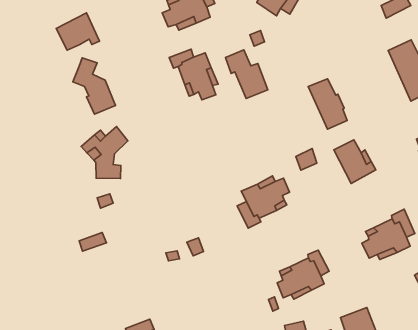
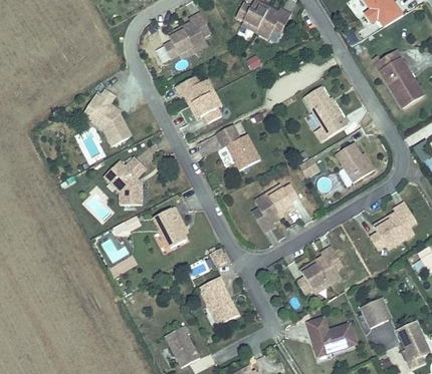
building: [56,13,99,50] -> none
building: [225,50,268,98] -> [219,123,261,167]
building: none -> [154,209,187,248]
building: none -> [198,276,237,325]

